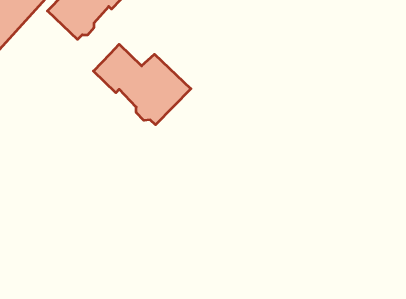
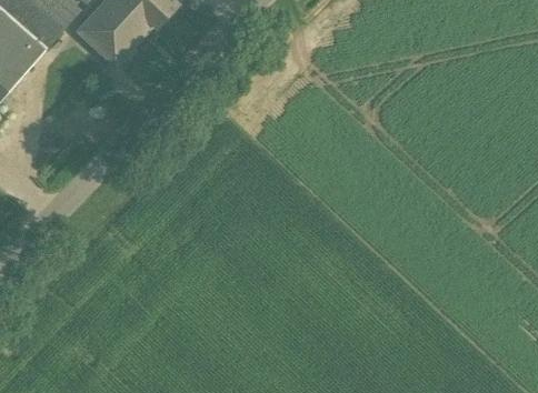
building: [93,44,191,125] -> none

